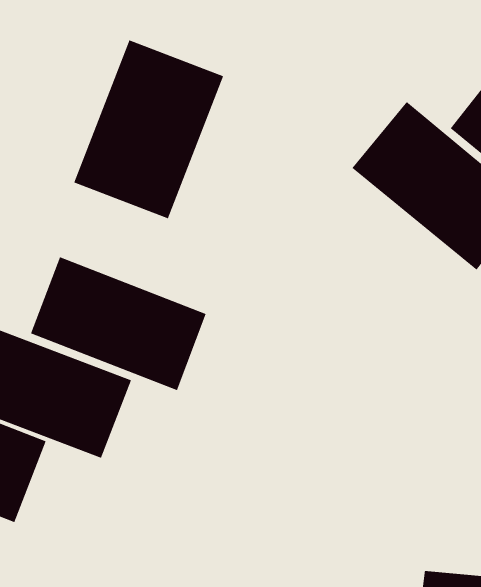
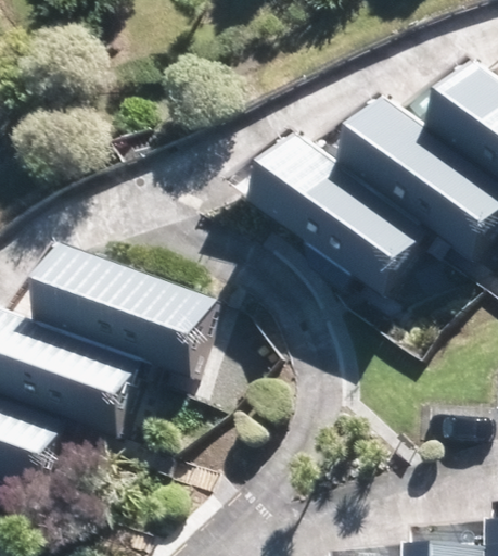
building: [73,39,224,219] -> none
building: none -> [259,137,429,296]

